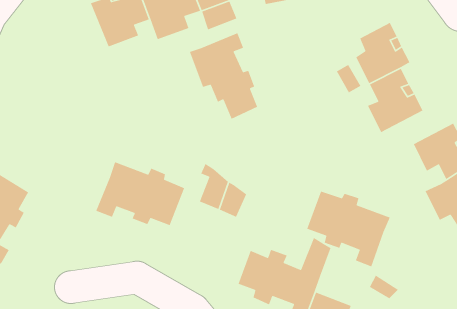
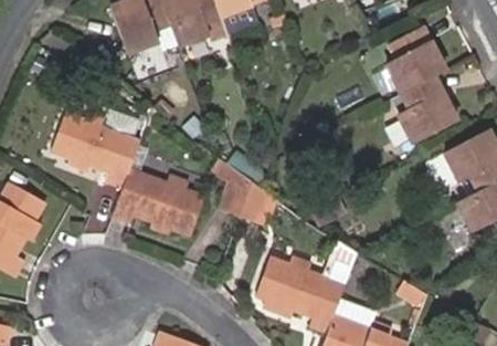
building: [189,32,258,120] -> none
building: none -> [55,104,148,185]
building: [306,190,391,267] -> none

